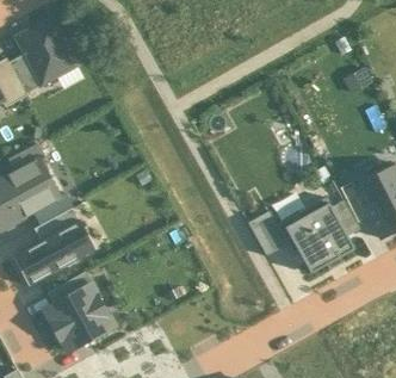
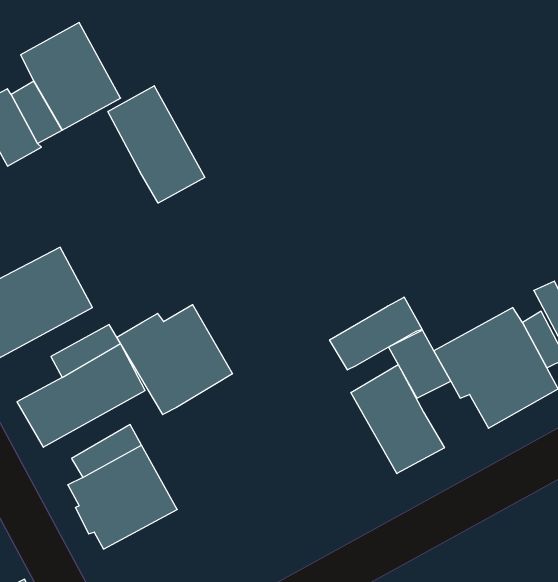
building: none -> [108,86,205,203]
building: none -> [330,297,422,370]
building: none -> [117,305,232,415]
building: none -> [351,365,444,474]

